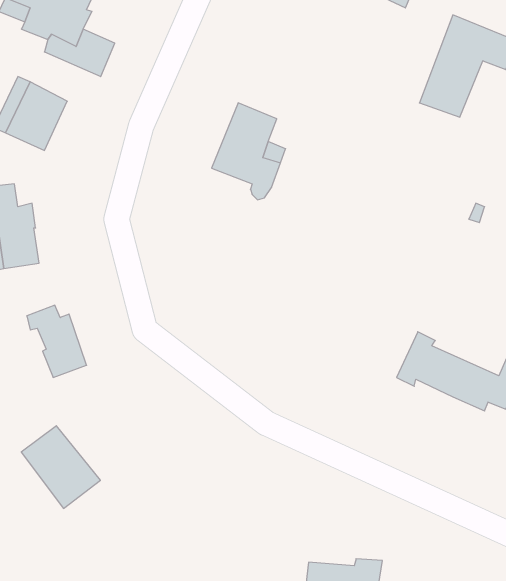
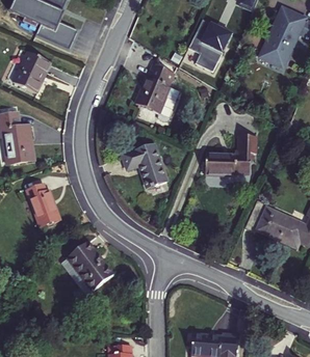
building: none -> [191,19,229,64]
building: none -> [204,135,256,174]
building: none -> [125,144,167,187]
building: [21,426,100,508] -> [68,241,114,290]

